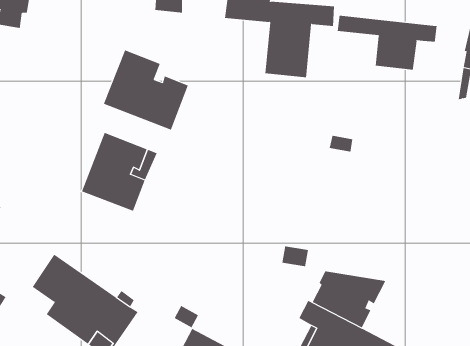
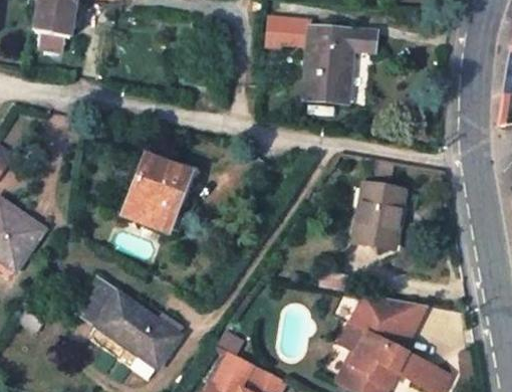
building: [337,15,437,71] -> none
building: [103,50,189,131] -> none
building: none -> [352,183,404,247]

